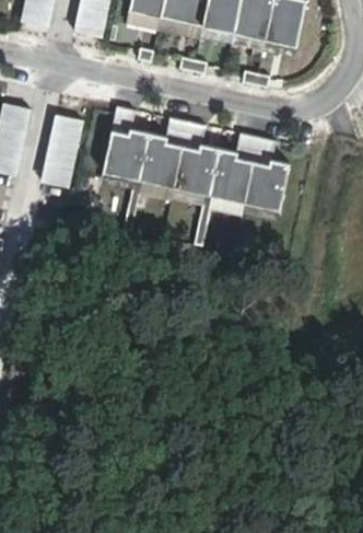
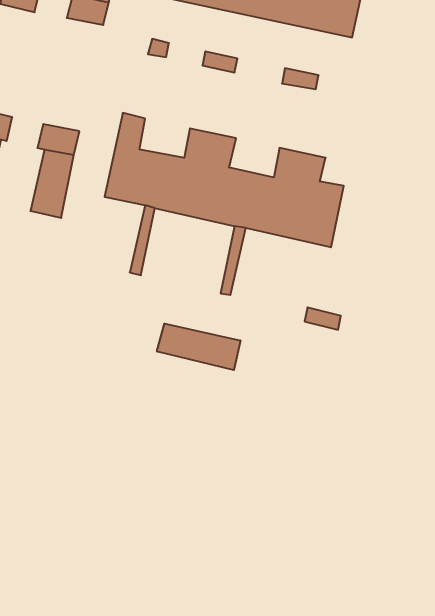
building: none -> [157,324,240,370]

